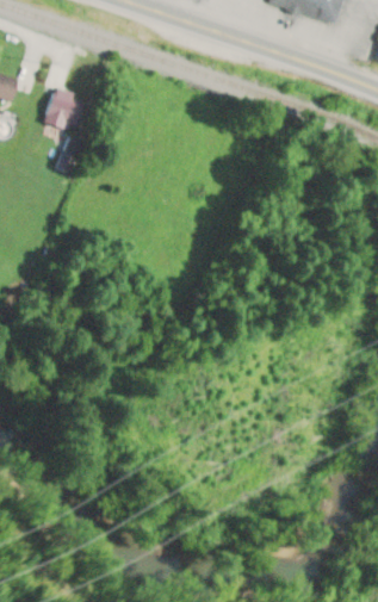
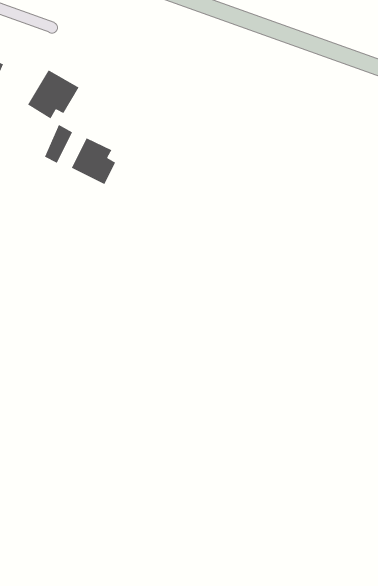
building: none -> [71,137,116,185]

